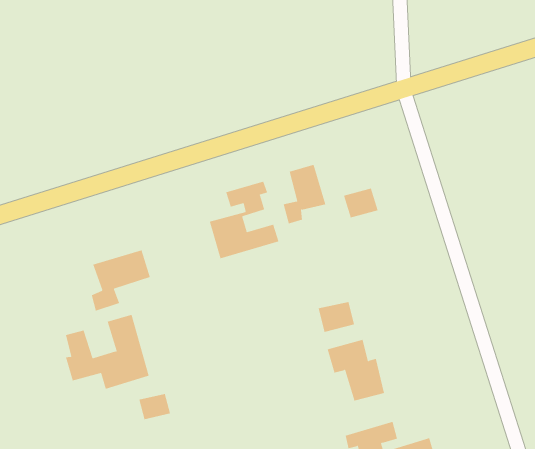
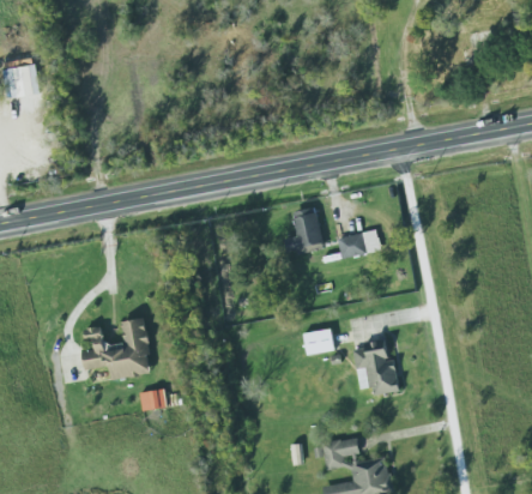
building: [209,181,279,259] -> none
building: [91,250,150,311] -> none
building: [327,339,385,401] -> [353,342,399,394]

